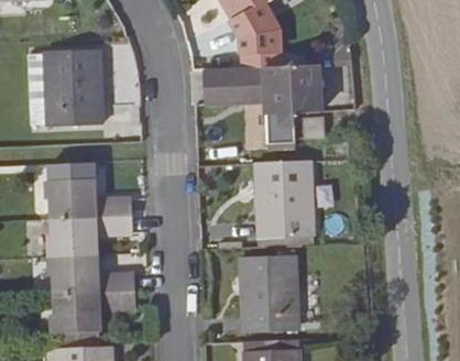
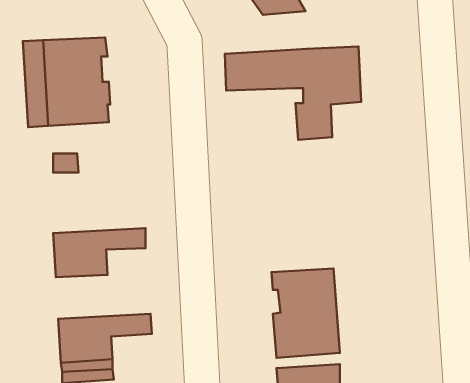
building: [236,31,274,66] -> none
building: [256,160,316,238] -> none
building: [51,180,133,225] -> none
building: [55,261,138,299] -> none

